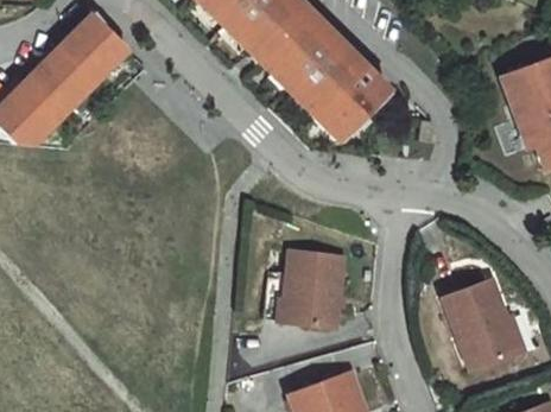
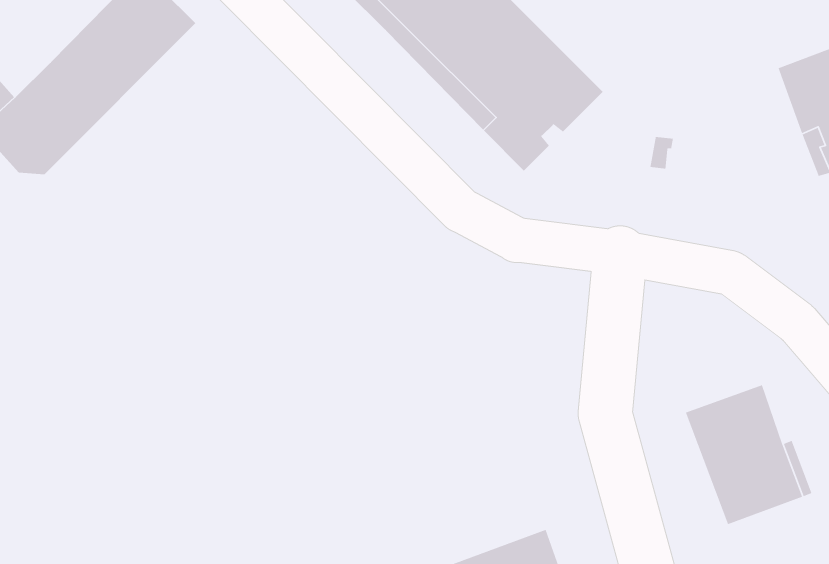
building: [266,249,346,327] -> none

